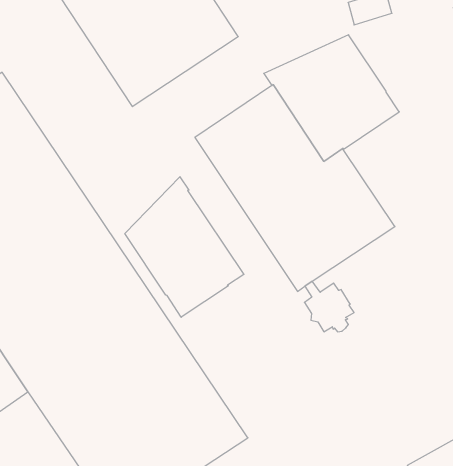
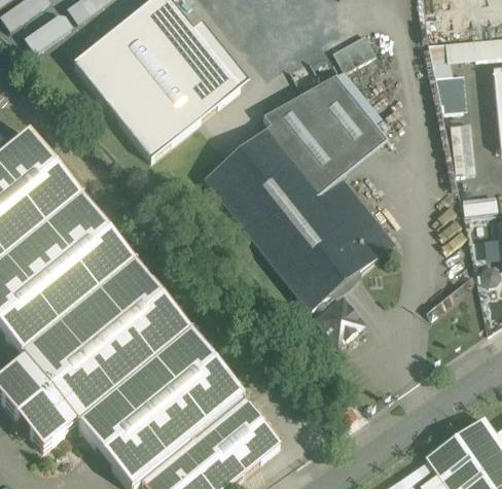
building: [125,177,244,317] -> none

